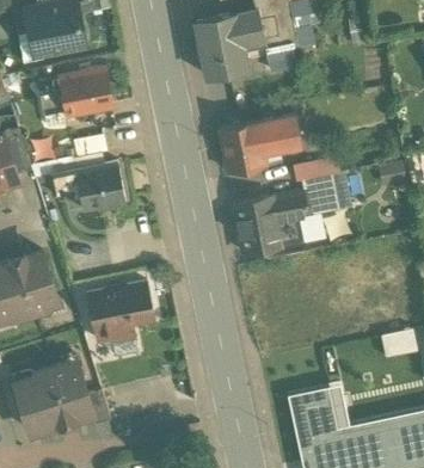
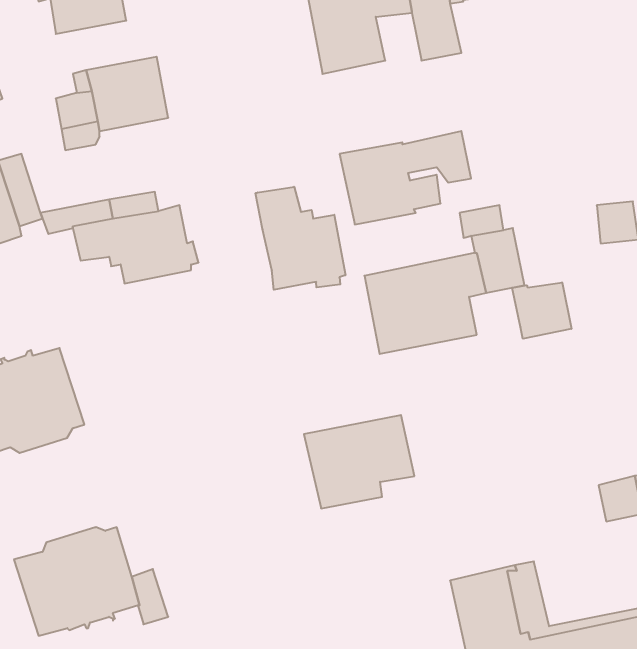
building: none -> [256,187,345,290]
building: none -> [512,282,571,339]
building: [86,283,155,341] -> [304,415,414,508]

